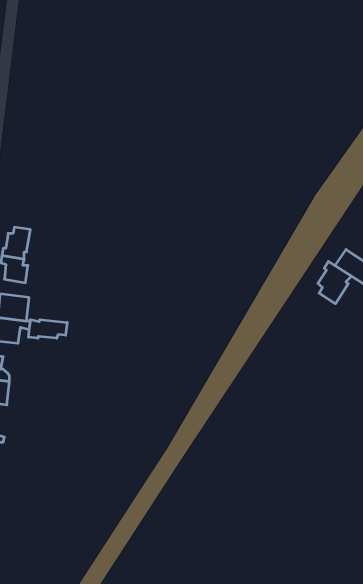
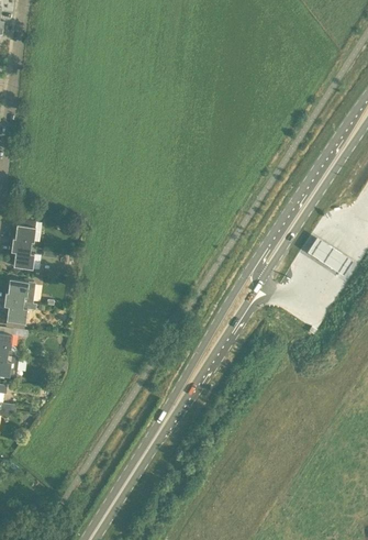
building: [318,261,351,304] -> none
building: [29,320,67,338] -> none

